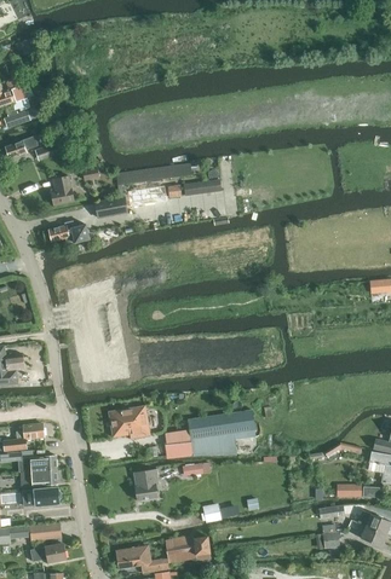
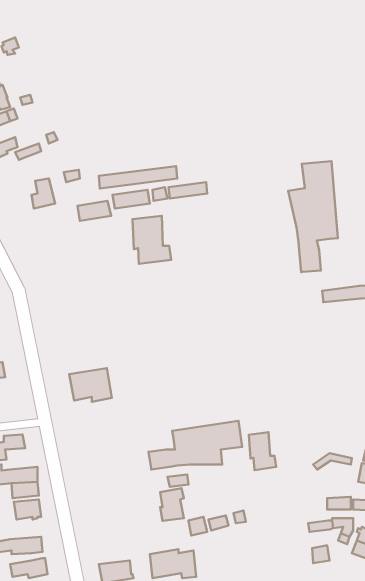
building: none -> [288,161,338,272]
building: none -> [133,216,171,264]
building: [48,220,90,242] -> none
building: [108,405,149,438] -> [69,368,112,402]
building: none -> [249,432,276,470]
building: [134,468,157,499] -> [160,488,184,521]

